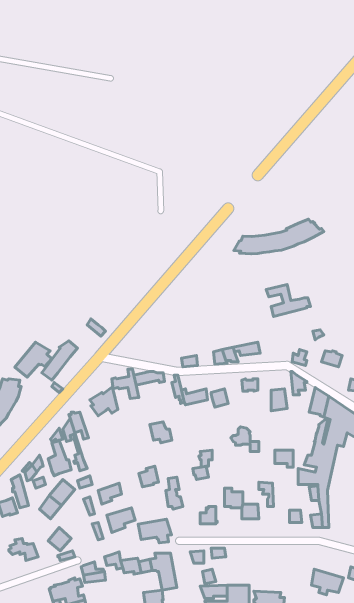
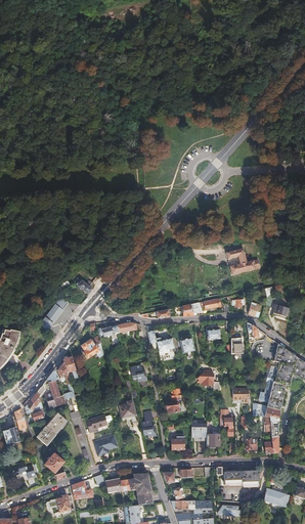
building: [234,219,324,254] -> none
building: [15,342,52,377] -> none
building: [138,519,172,543] -> none
building: none -> [223,470,259,485]

